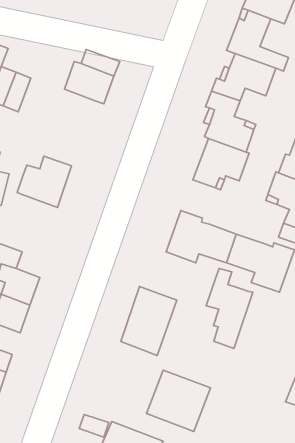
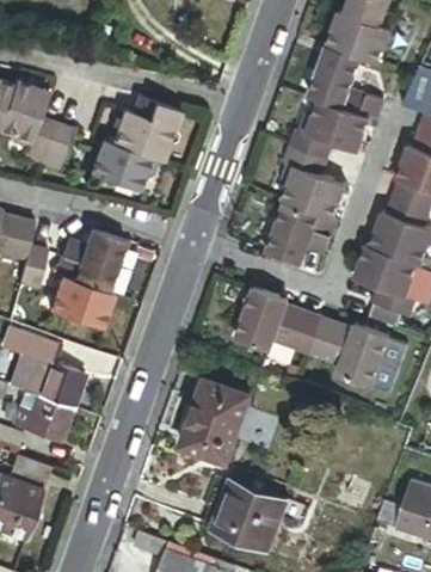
building: none -> [88,137,149,187]
building: none -> [49,269,111,320]
building: [206,269,253,348] -> none

